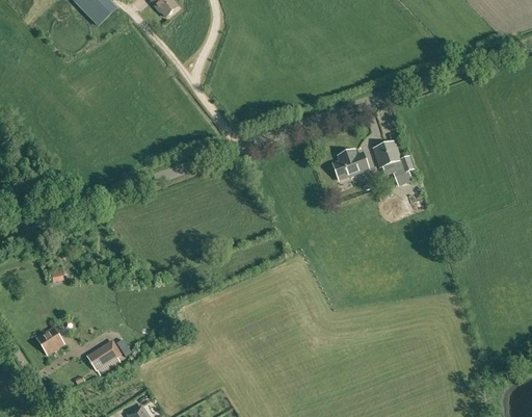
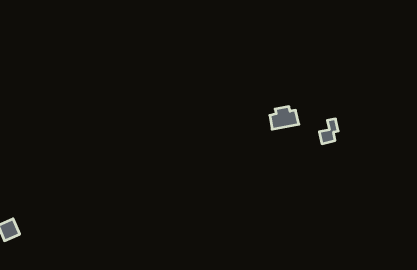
building: [373,141,400,166] -> none
building: [87,341,119,370] -> none

